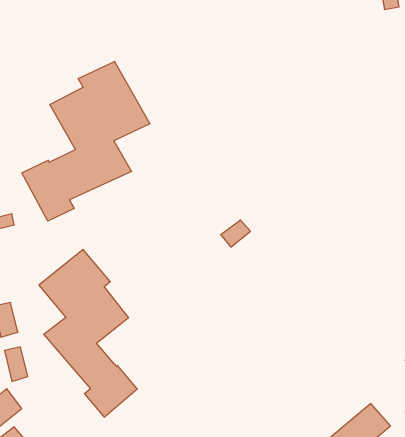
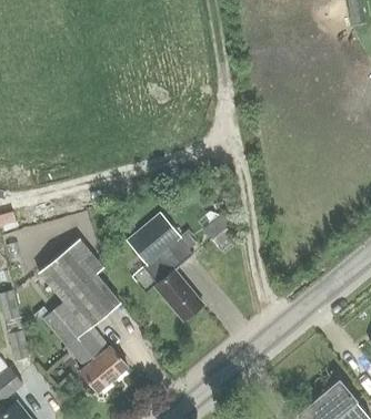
building: [22,61,150,221] -> none
building: none -> [127,213,203,320]

